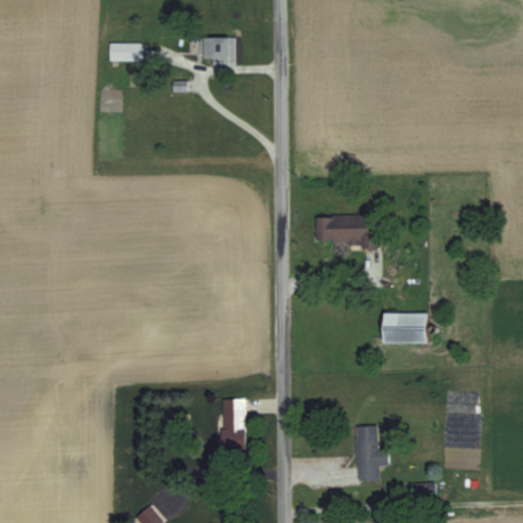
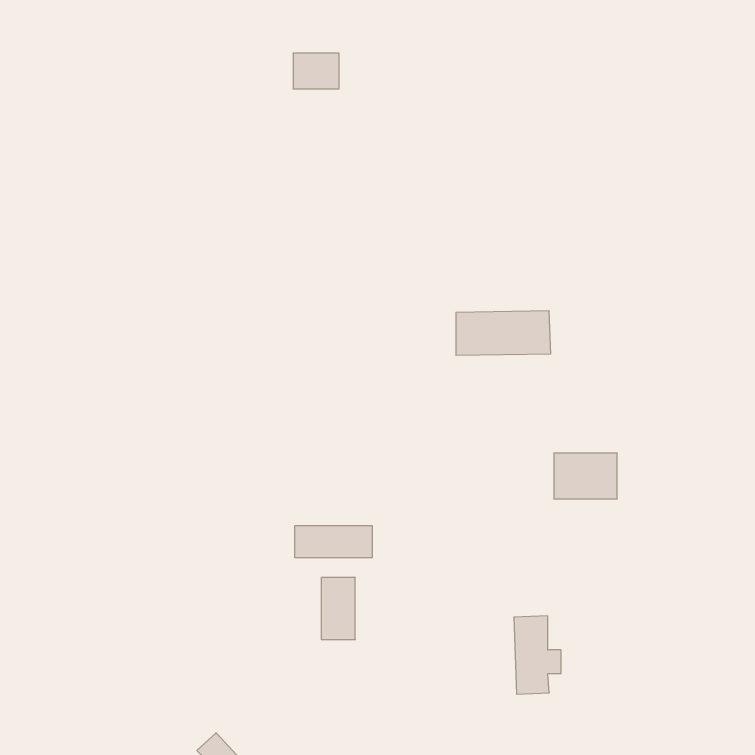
building: [109,43,141,61] -> none
building: none -> [295,526,372,558]

